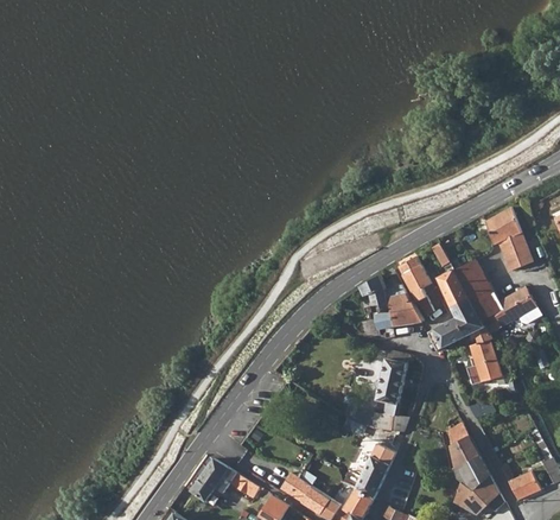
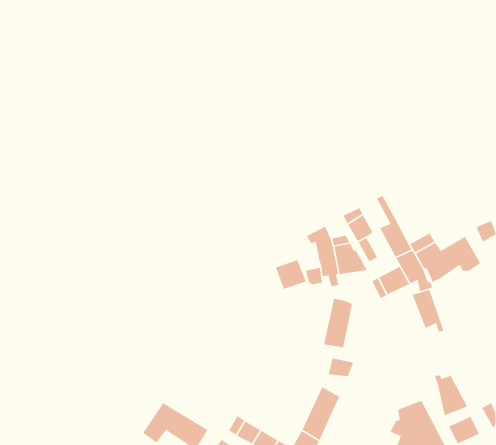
building: [485,207,546,269] -> none
building: [453,260,488,294] -> none
building: none -> [275,259,307,290]
building: [444,423,479,465] -> [434,375,468,416]

